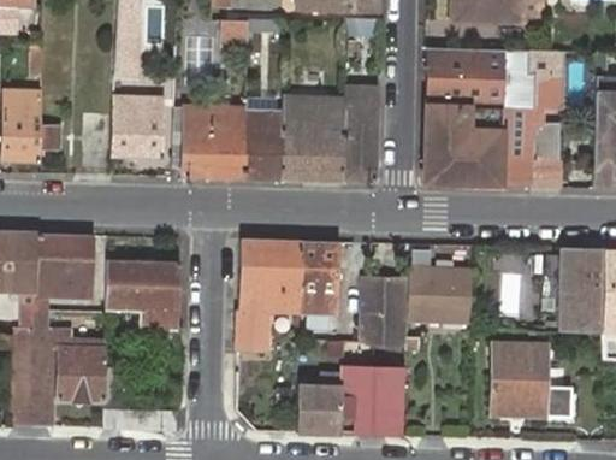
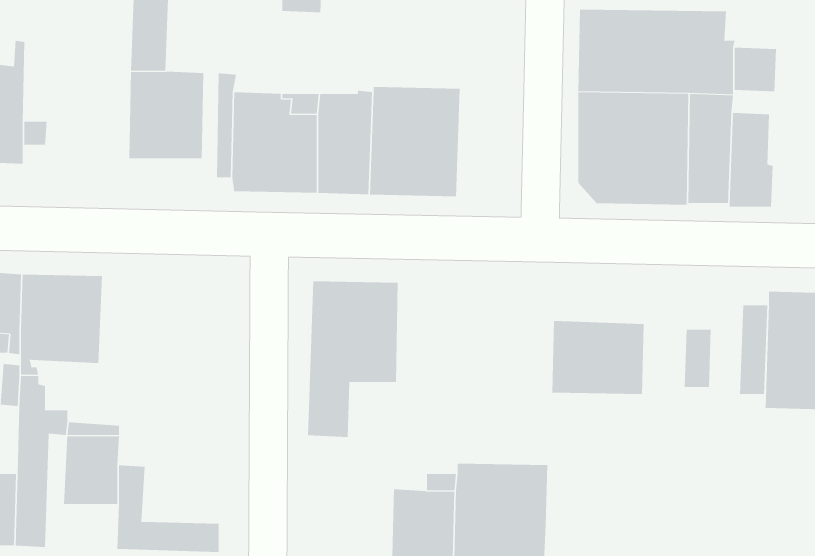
building: [342,87,379,183] -> none
building: [300,242,342,313] -> none
building: [107,259,180,329] -> none
building: [368,281,407,348] -> none
building: [492,341,571,417] -> none

